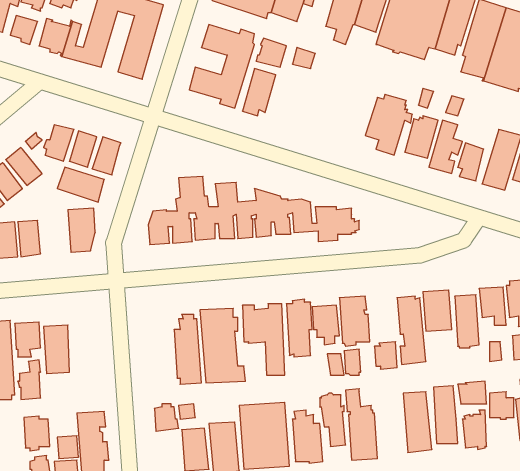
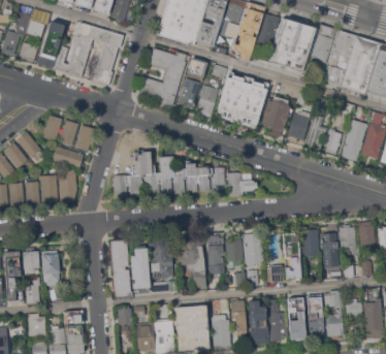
building: none -> [215,70,269,127]
building: none -> [194,84,218,116]
building: none -> [39,173,58,203]
building: none -> [110,239,130,296]
building: none -> [267,298,286,341]

